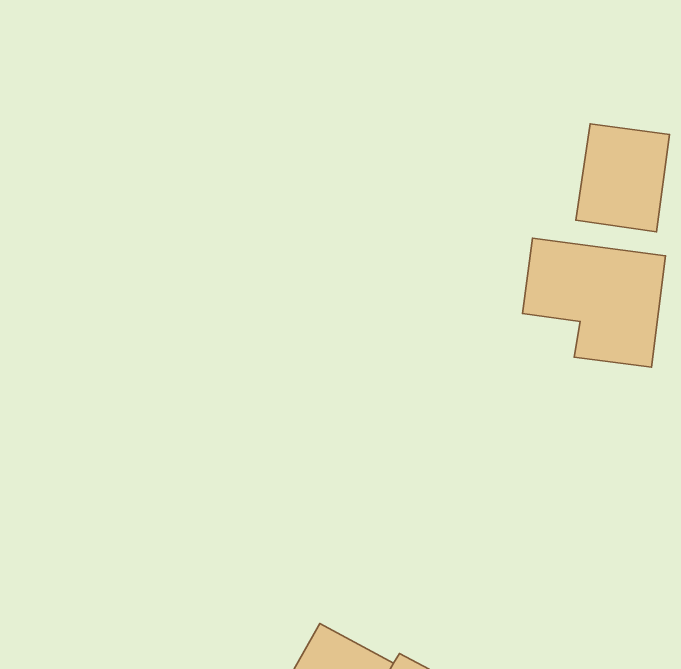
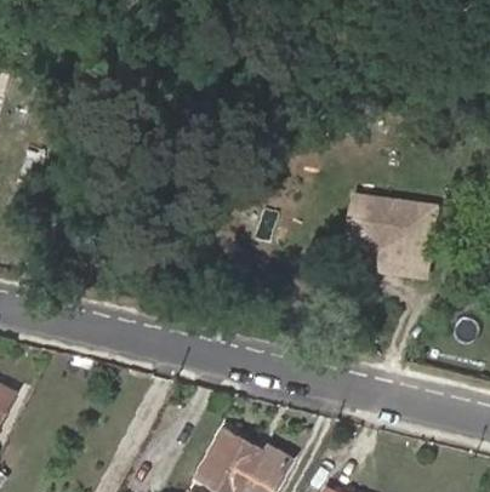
building: [576,124,669,232] -> none

